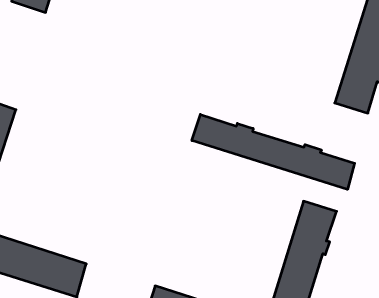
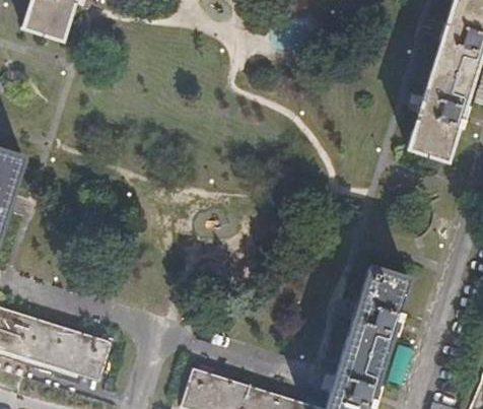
building: [192,114,355,189] -> none

